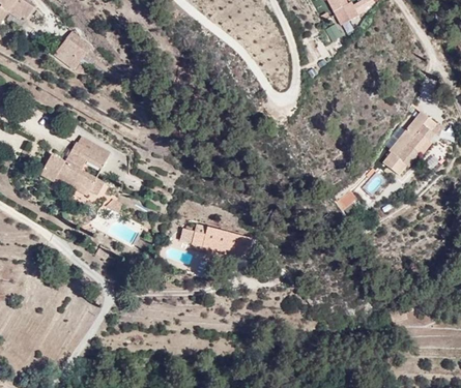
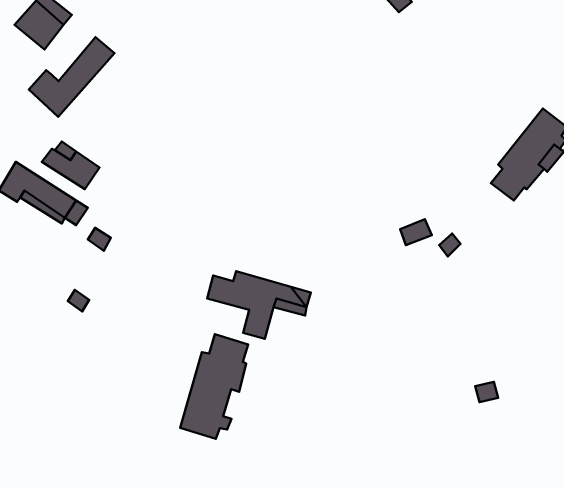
building: none -> [29,37,114,117]
building: none -> [180,334,248,439]

